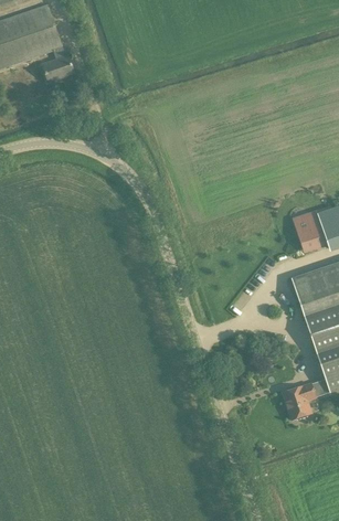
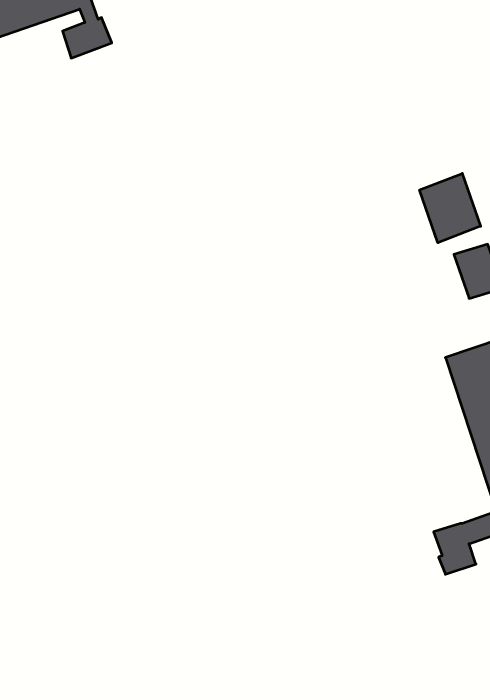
building: none -> [420,173,481,243]

